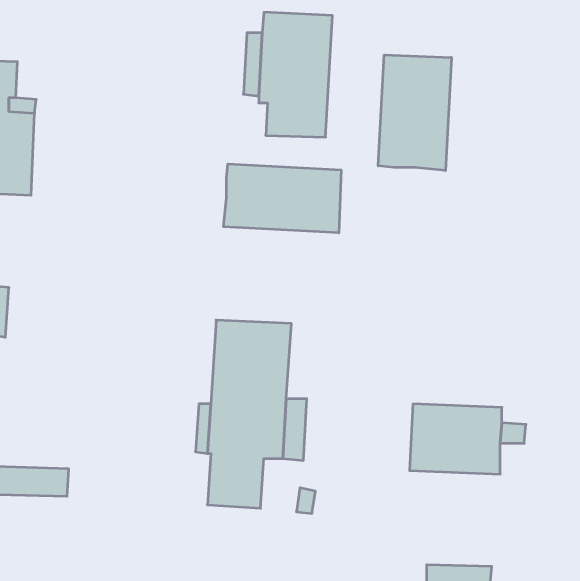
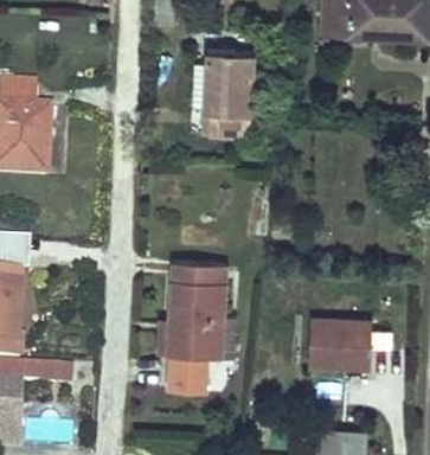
building: [378,55,451,171] -> none
building: [224,164,341,233] -> none

